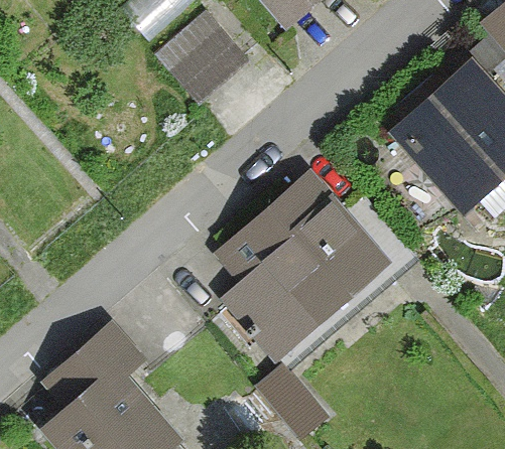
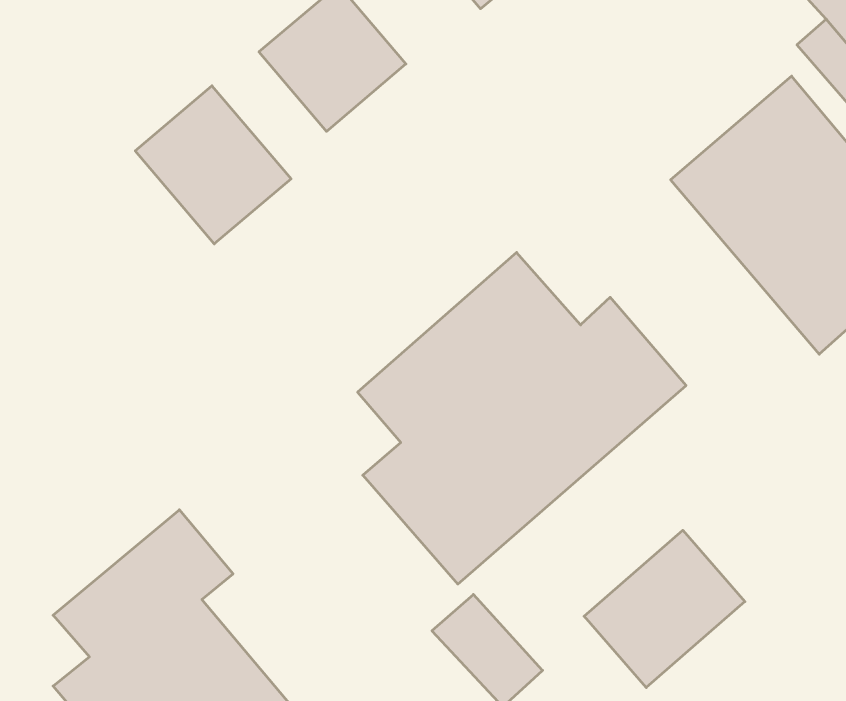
building: none -> [135,86,291,244]
building: none -> [584,530,745,688]

